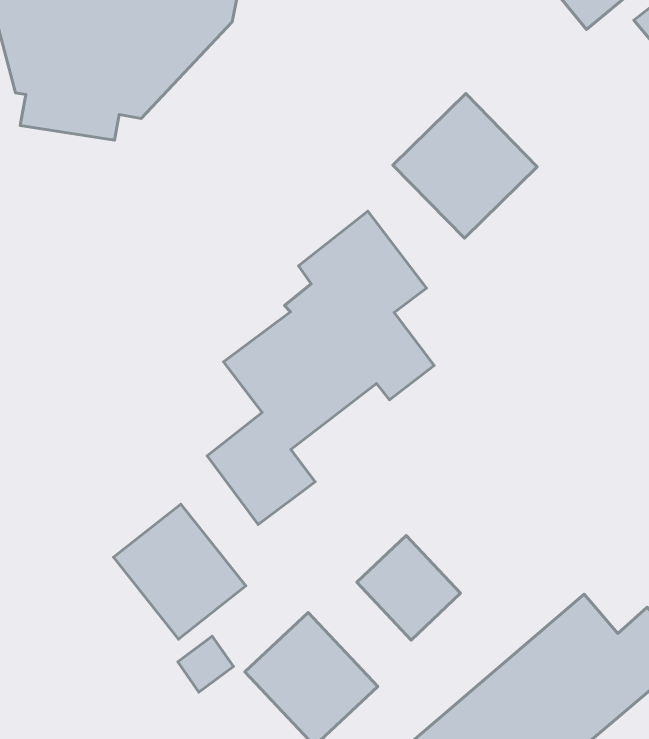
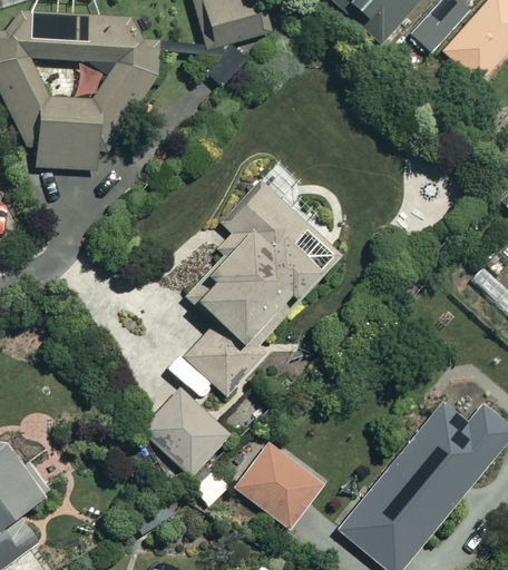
building: [393,94,537,238] -> none
building: [357,535,461,640] -> none

